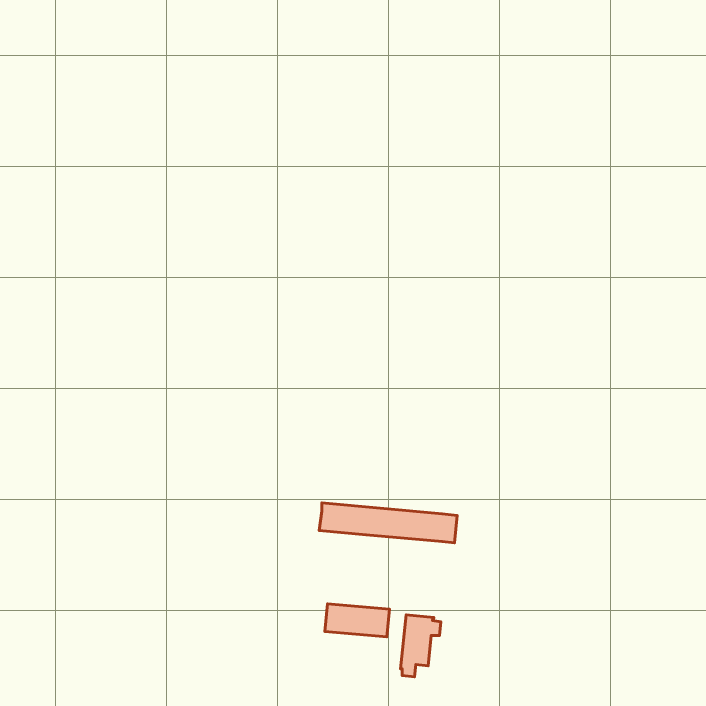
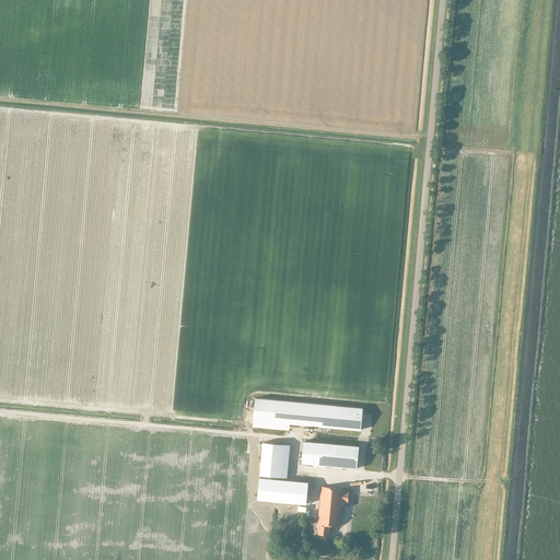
building: none -> [301,442,359,468]
building: none -> [259,443,284,477]

